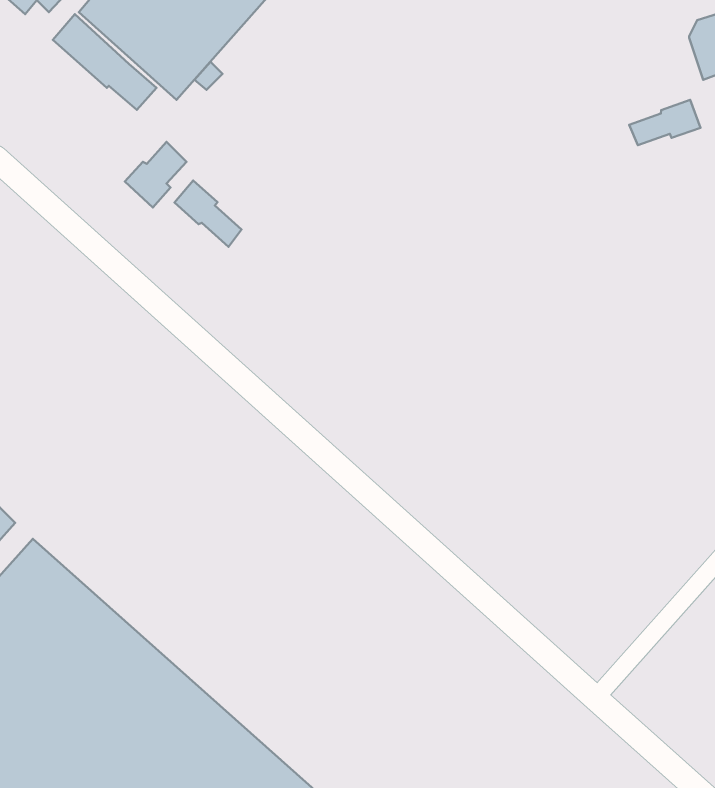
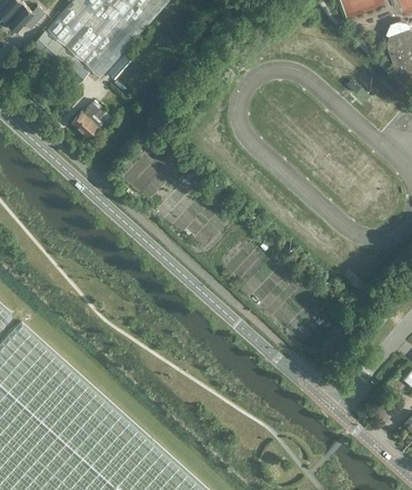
building: [629,100,700,145] -> none
building: [174,180,242,247] -> none

